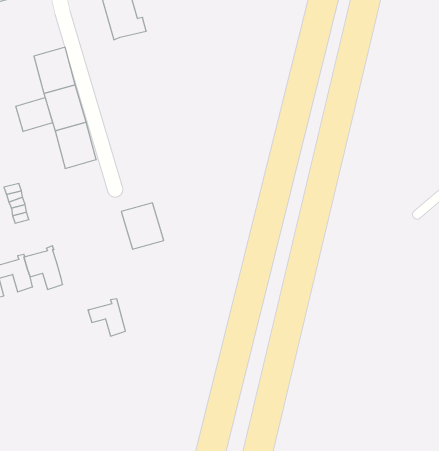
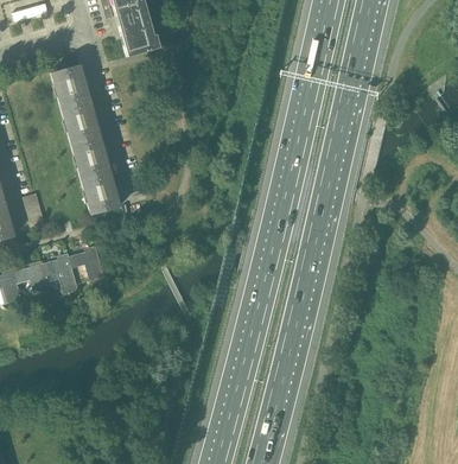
building: [16,97,52,132] -> none
building: [121,203,164,249] -> [81,170,121,214]
building: [88,299,125,336] -> [69,244,104,280]

